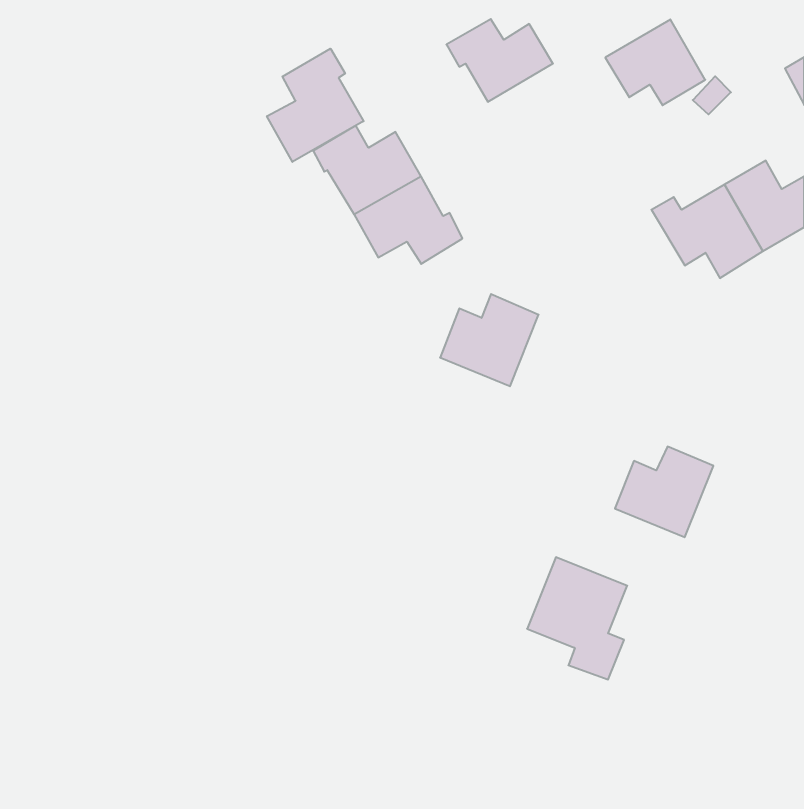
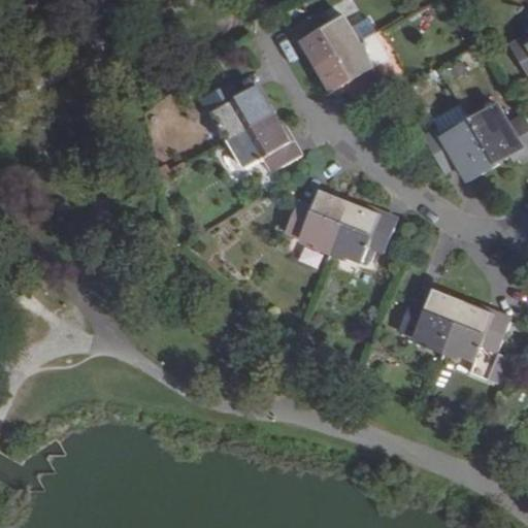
building: [605,19,705,105] -> [317,41,382,97]
building: [267,49,364,162] -> none
building: none -> [331,204,396,262]
building: [527,557,627,680] -> [444,302,509,382]

